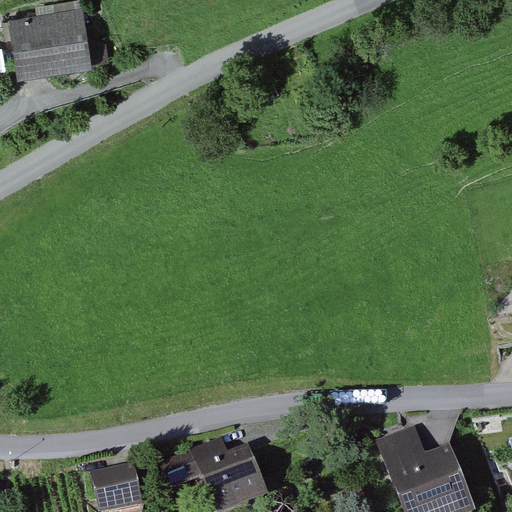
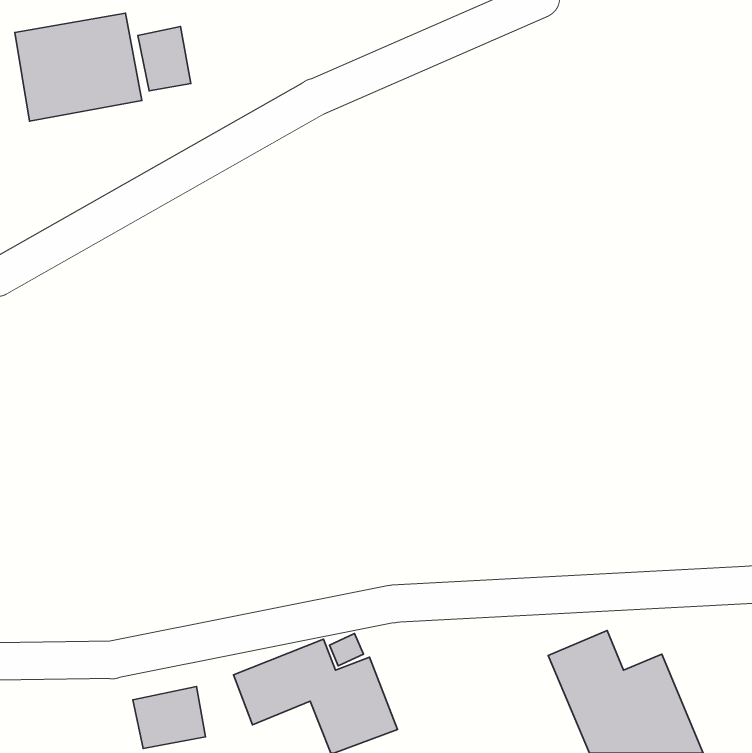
building: none -> [138,26,191,91]

